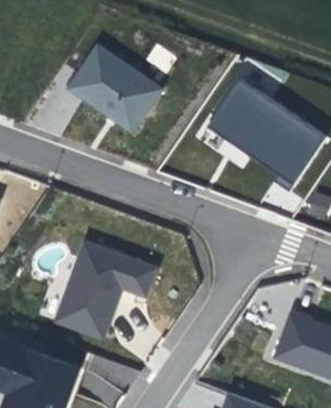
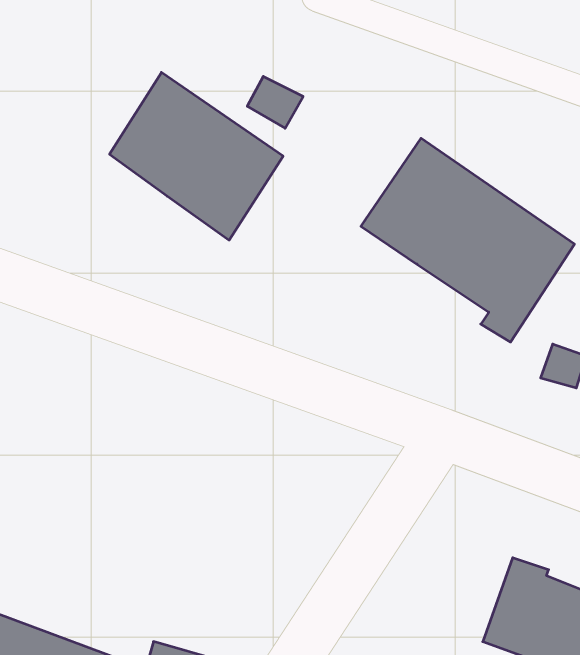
building: [54,241,156,340] -> none

